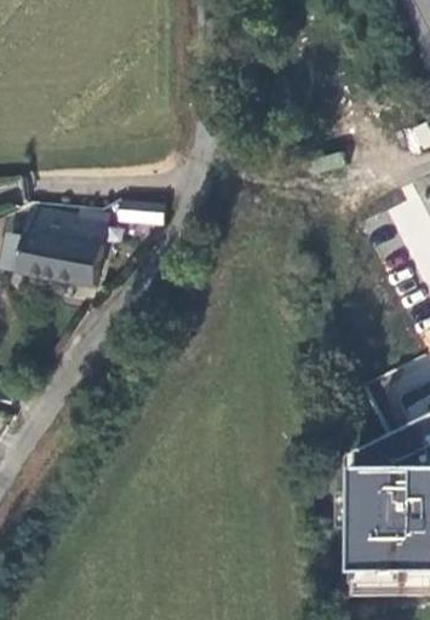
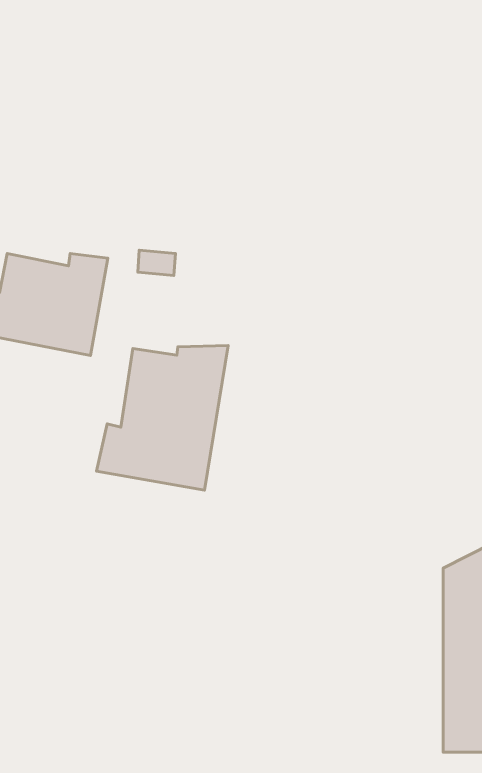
building: none -> [96,345,228,490]

